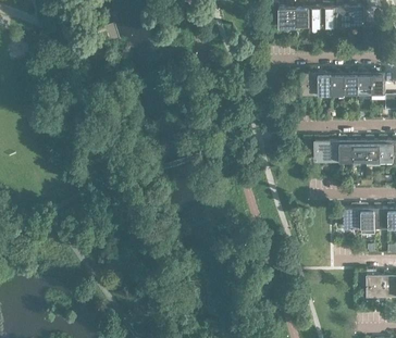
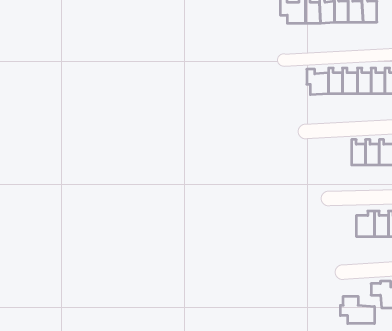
building: [314,137,339,161] -> none
building: none -> [340,296,374,324]

